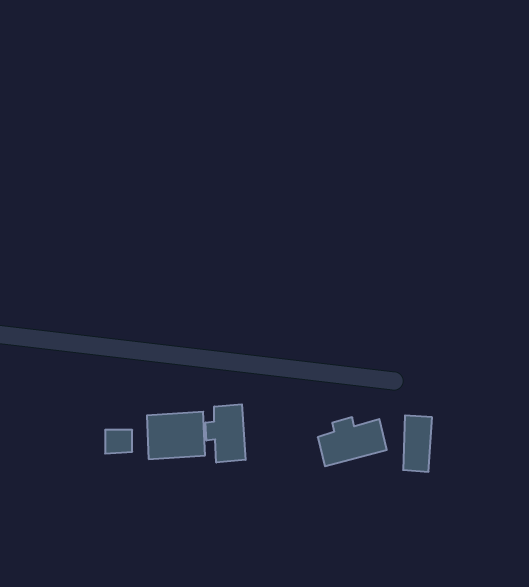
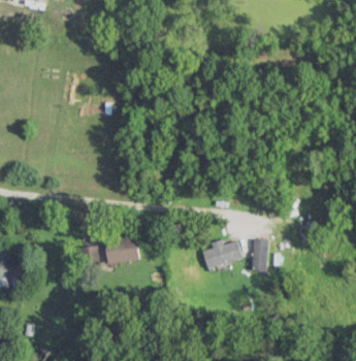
building: [206,404,246,463] -> none

